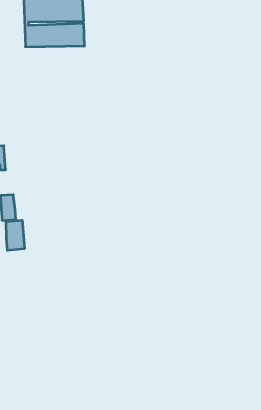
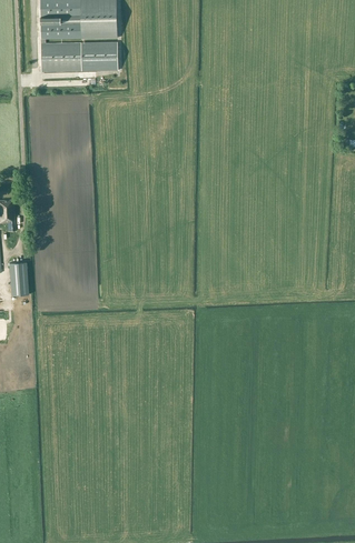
building: [6,220,24,250] -> none

